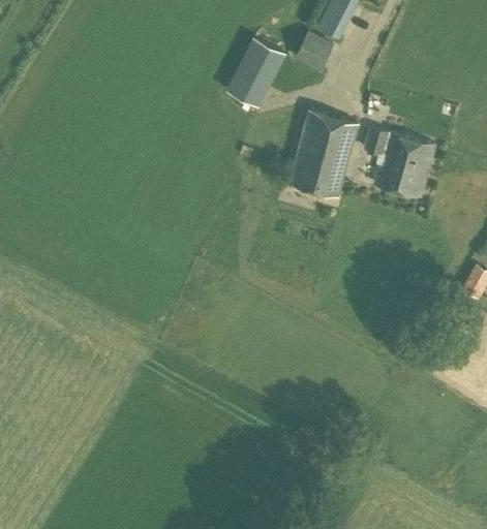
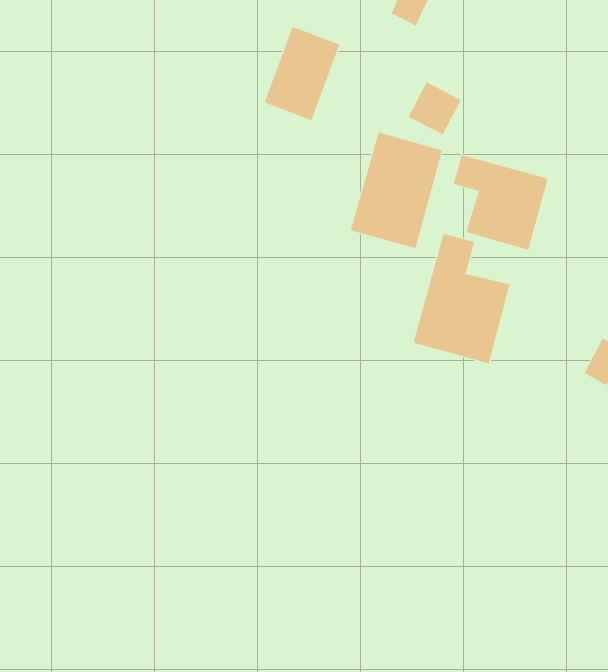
building: [294,30,333,69] -> [408,81,462,135]
building: none -> [413,233,510,364]

